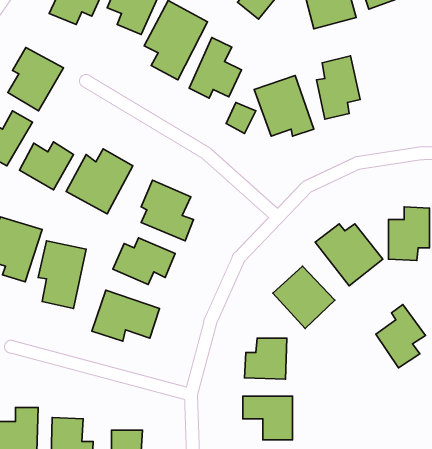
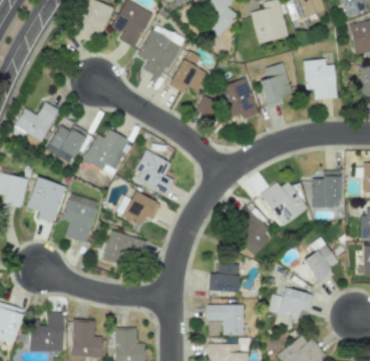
building: [8,48,64,111] -> none
building: none -> [303,58,337,99]
building: none -> [270,288,312,320]

